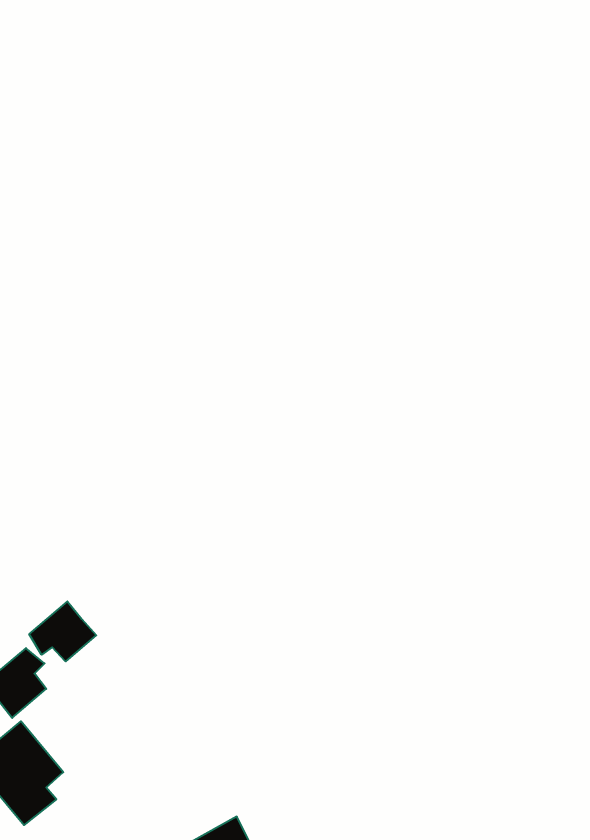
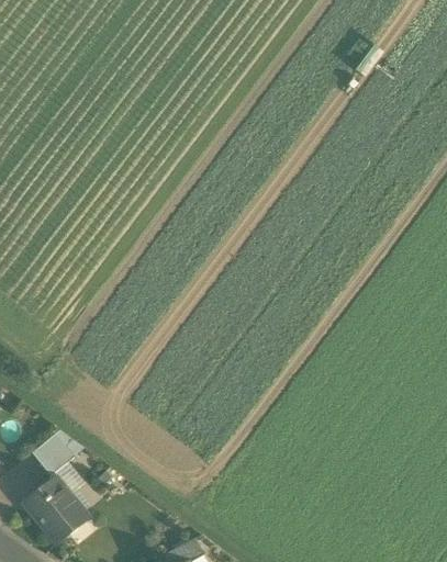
building: [29,601,96,661] -> none

